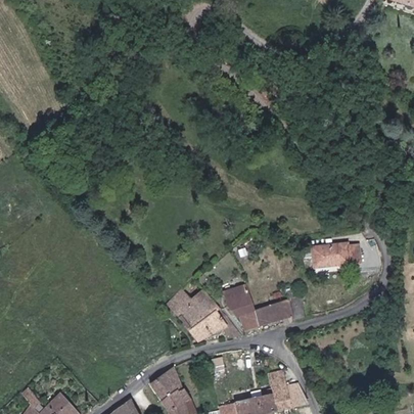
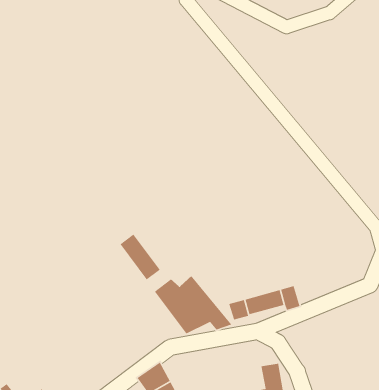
building: [313,243,359,266] -> none
building: none -> [119,233,161,280]
building: [221,285,252,315] -> none

